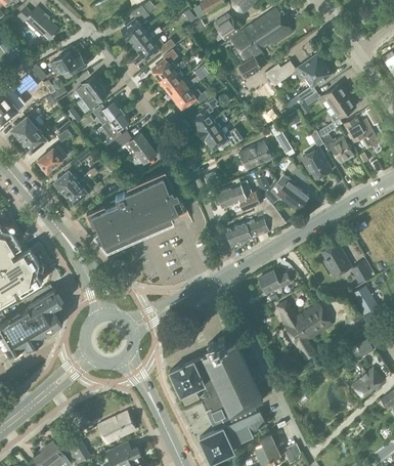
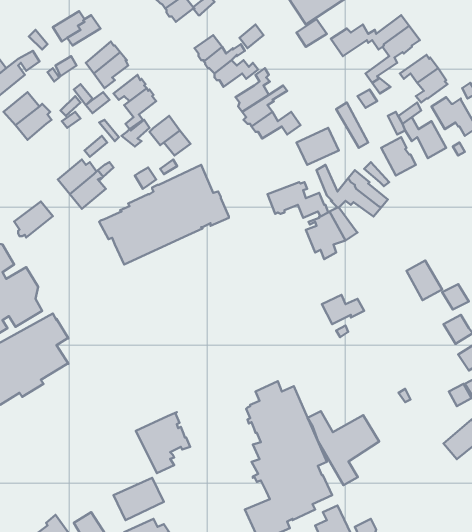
building: [151,49,179,80] -> none
building: [38,144,68,172] -> [14,202,53,237]
building: [225,220,253,246] -> none
building: [276,301,332,358] -> [308,411,379,485]
building: [169,357,211,405] -> [136,412,190,473]

